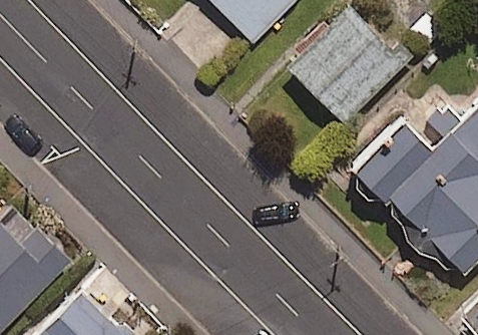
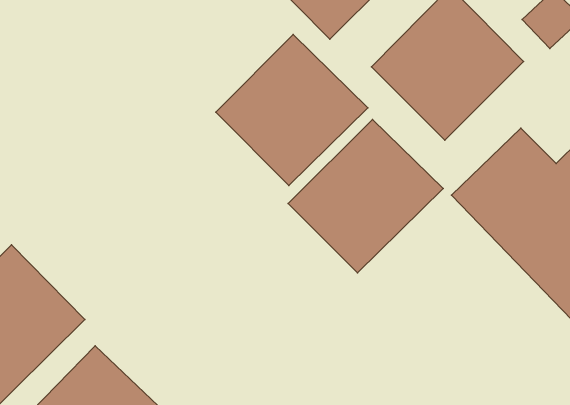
building: none -> [216,35,368,185]
building: none -> [288,119,443,273]

